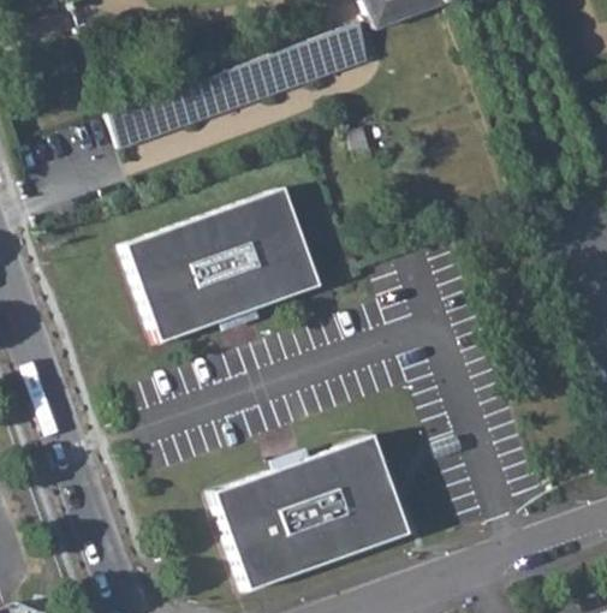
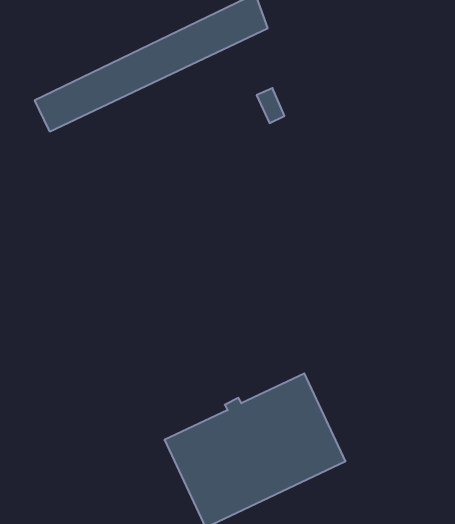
building: [127,186,321,341] -> none

